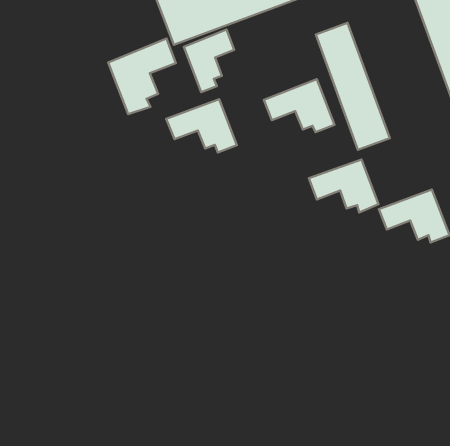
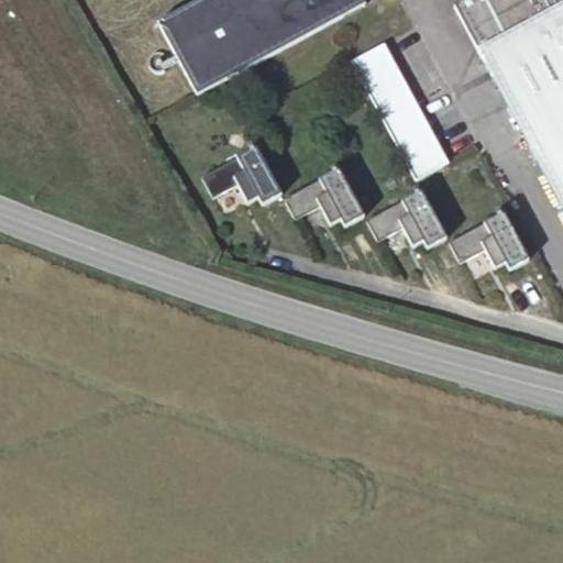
building: [184,30,234,92] -> none
building: [108,38,176,114] -> none
building: [264,79,335,132] -> [284,166,365,224]

